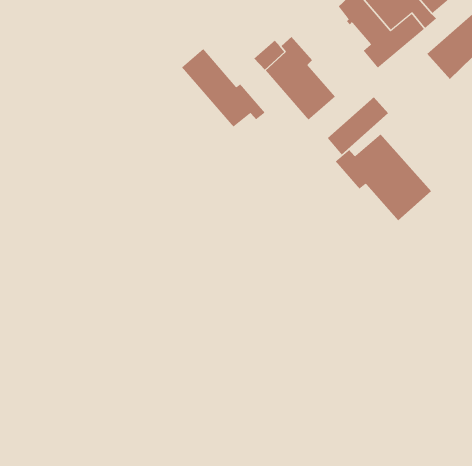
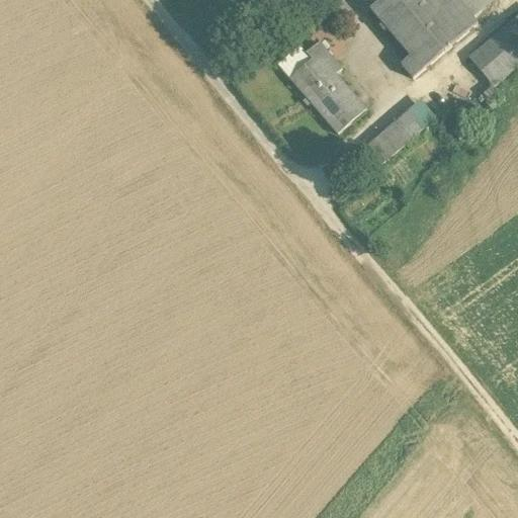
building: [181,48,265,127] -> none
building: [335,133,432,221] -> none

